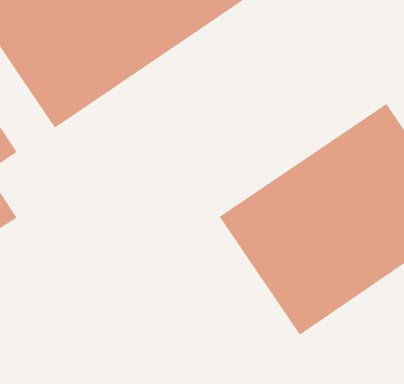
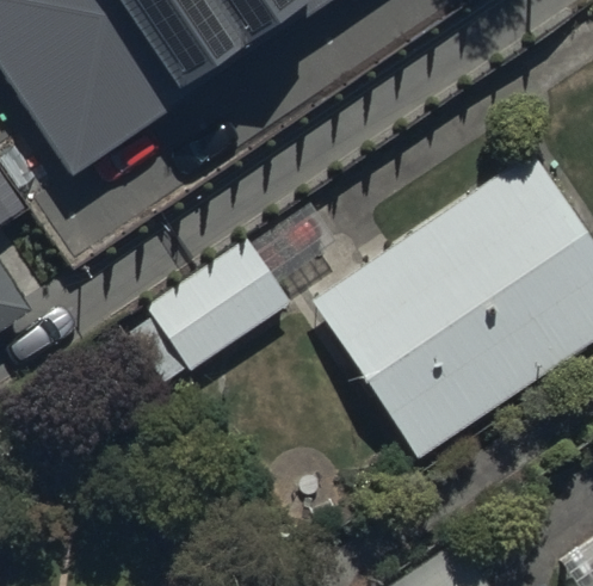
building: none -> [135,233,291,374]

